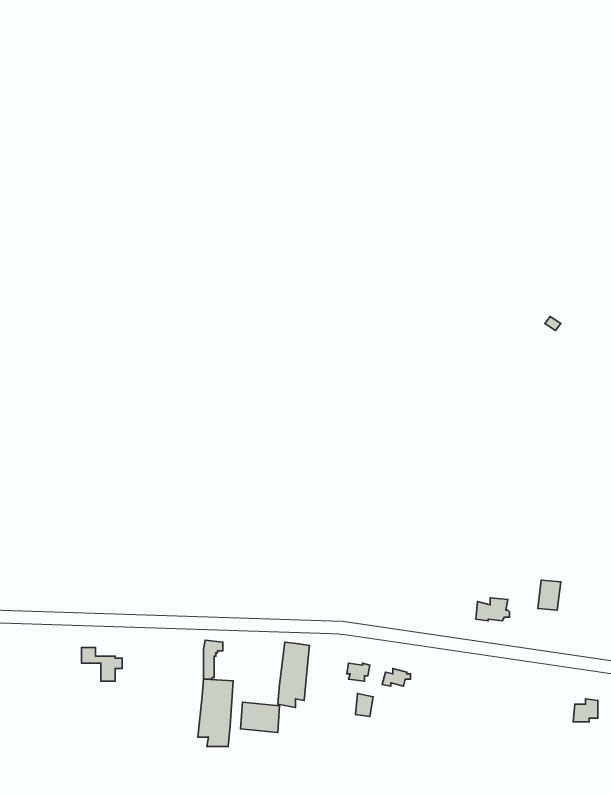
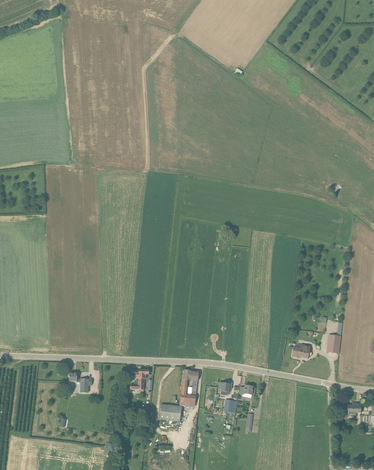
building: [198,679,233,746] -> none

